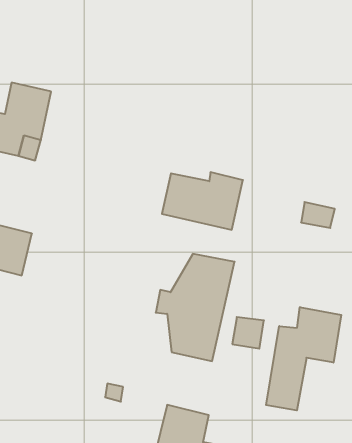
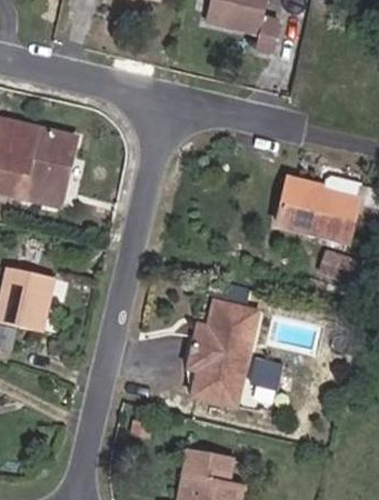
building: [162,172,243,230] -> [278,179,358,236]
building: [266,307,341,410] -> none

